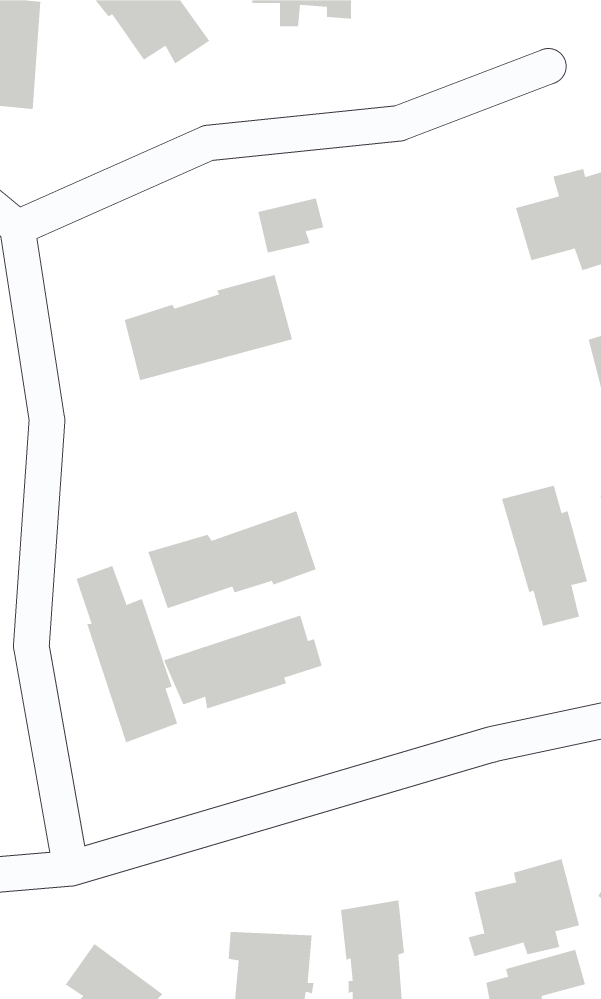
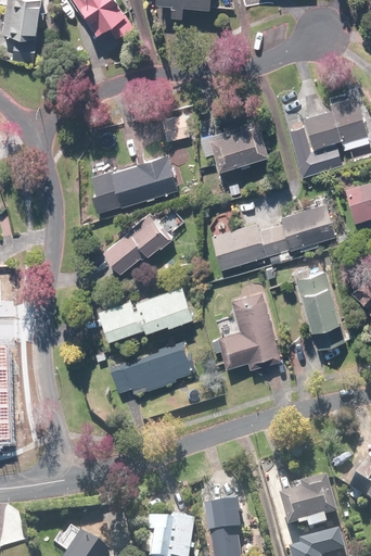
building: none -> [200,119,270,170]
building: none -> [287,124,342,175]
building: none -> [214,203,337,269]
building: none -> [105,208,186,271]
building: none -> [220,292,282,369]
building: [76,565,178,743] -> none

